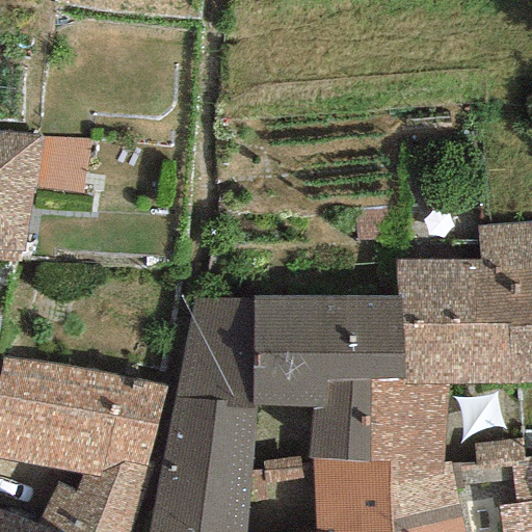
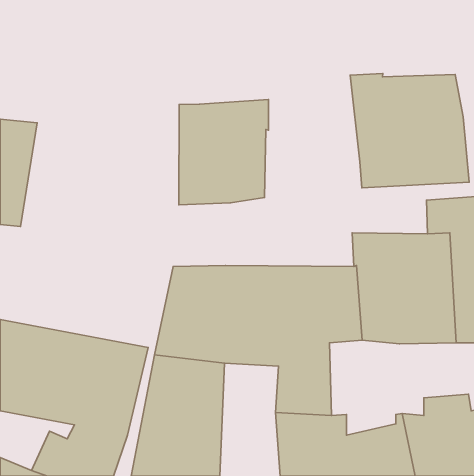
building: none -> [350,73,469,188]
building: none -> [179,99,268,205]
building: [370,379,448,485] -> none

